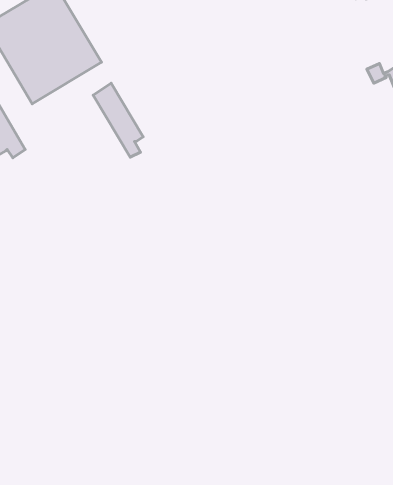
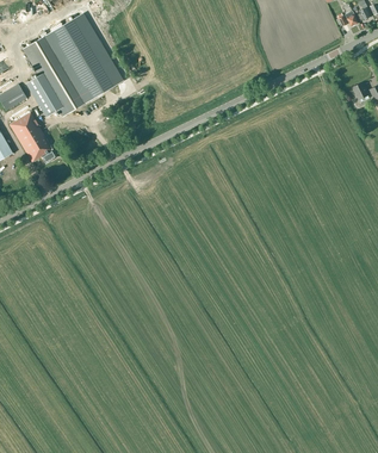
building: [93,83,143,157] -> none

